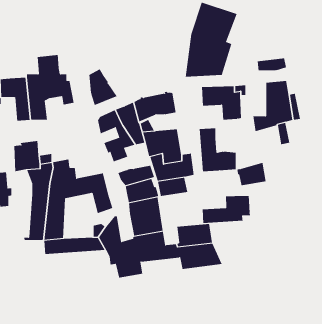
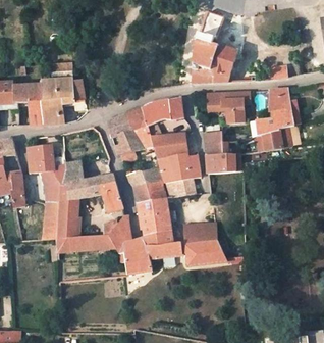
building: [89,69,117,106] -> none
building: [236,162,267,186] -> [254,129,282,151]
building: [202,195,250,224] -> none

